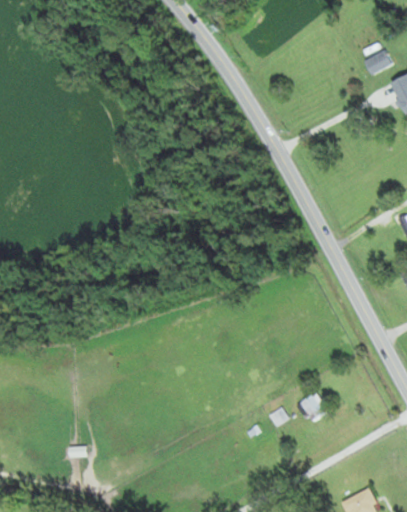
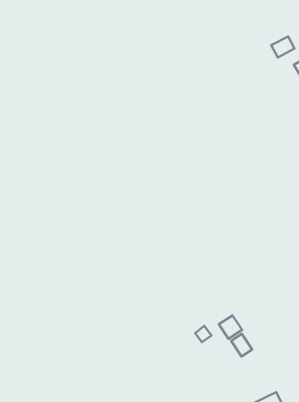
building: none -> [231,334,252,357]

